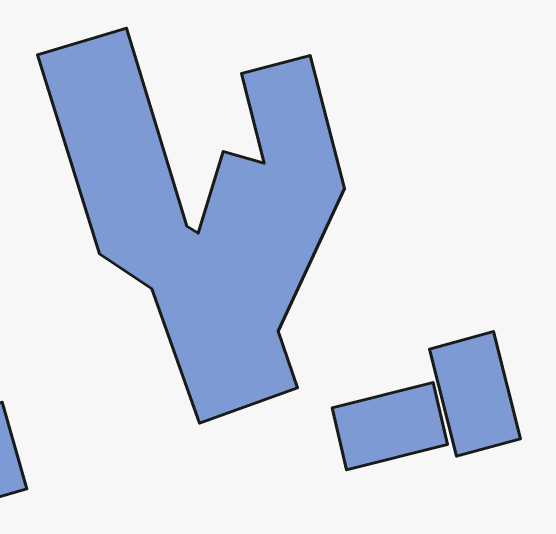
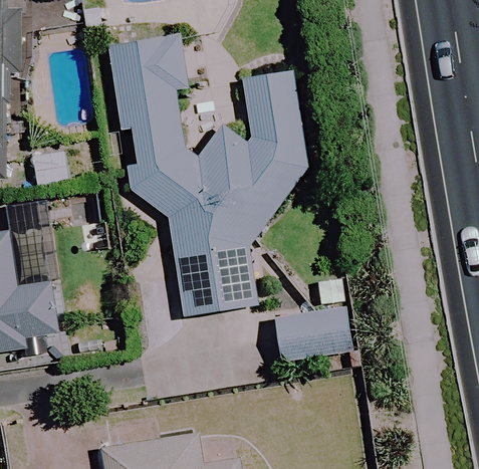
building: [429,332,521,456] -> none

